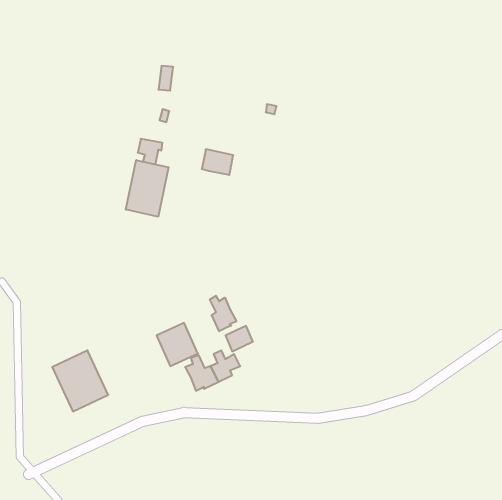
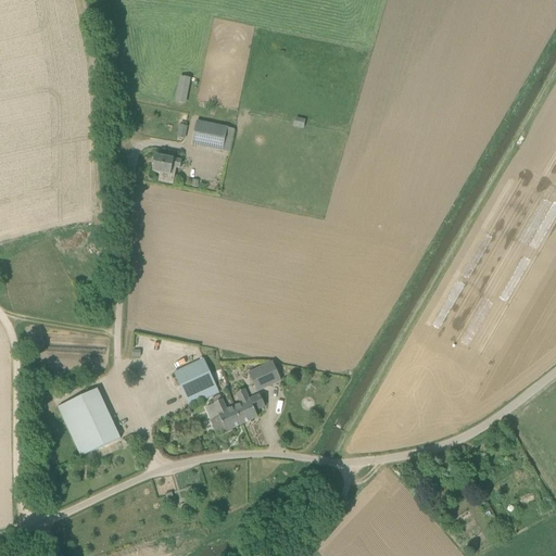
building: [202,149,233,175] -> [191,121,226,149]
building: [126,160,169,217] -> none
building: [210,296,236,331] -> none

